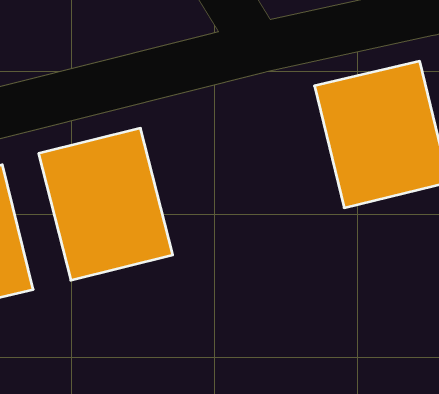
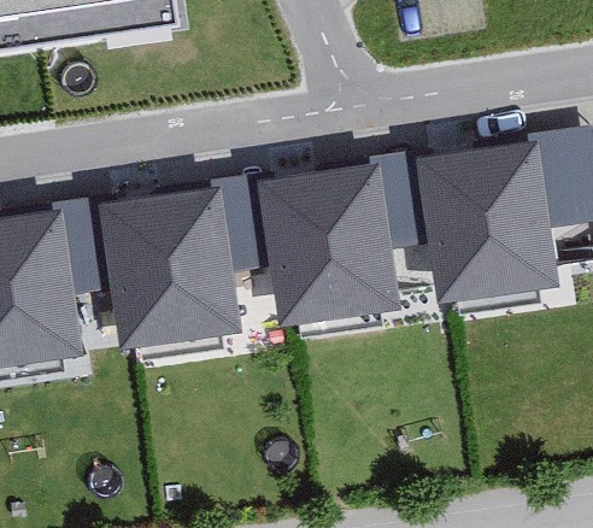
building: none -> [262,165,399,328]

